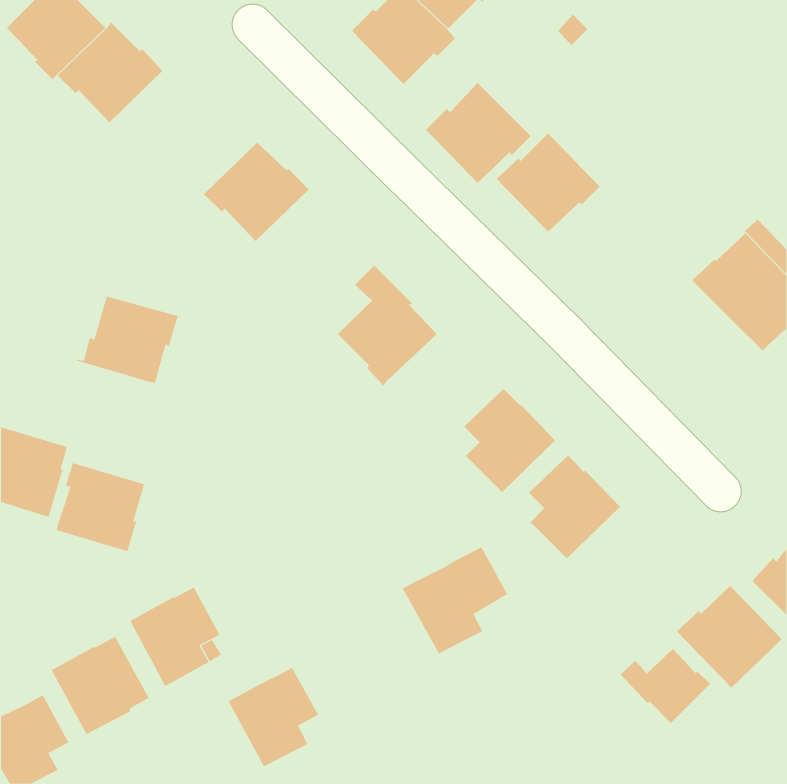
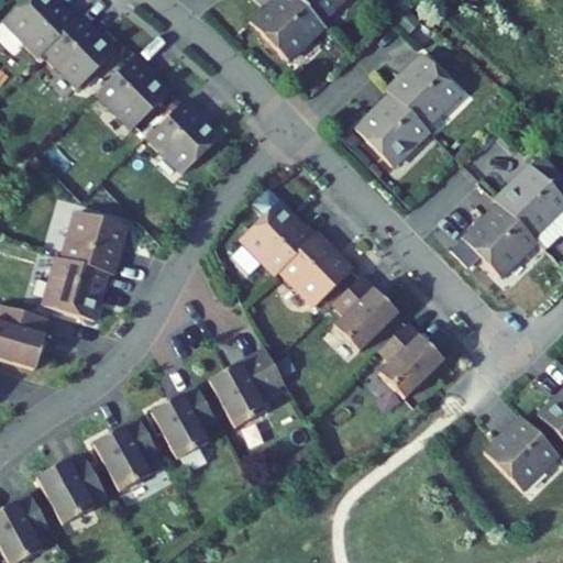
building: none -> [95,57,169,129]
building: [425,82,531,184] -> [386,55,462,128]
building: none -> [463,206,538,276]
building: none -> [277,234,353,307]
building: [56,462,145,552] -> [42,257,106,321]
building: [402,546,508,654] -> [208,351,284,428]
building: [620,648,712,724] -> none
building: [228,667,319,767] -> [151,387,216,459]

